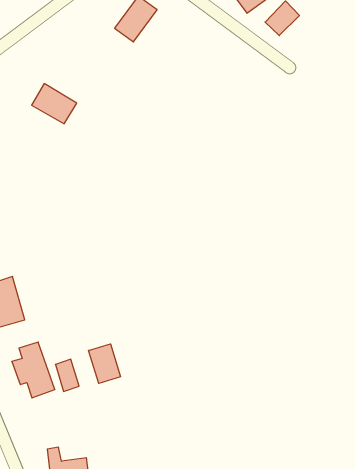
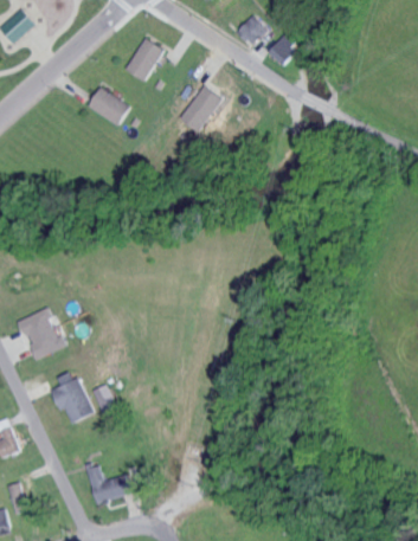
building: none -> [180,84,223,133]
building: [32,84,77,124] -> [88,88,130,124]
building: [89,344,121,383] -> none

